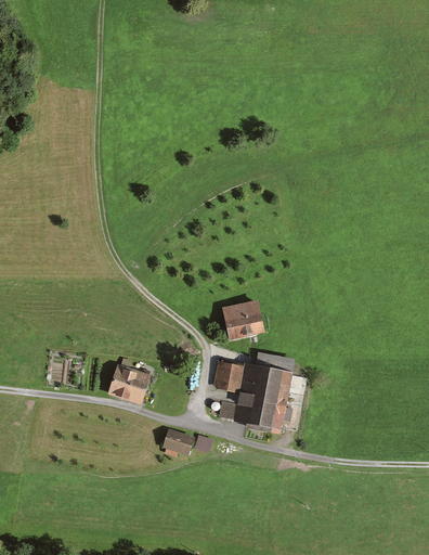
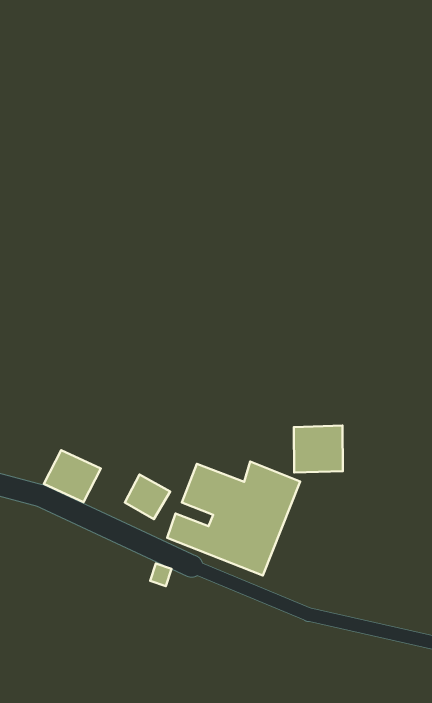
building: [224,302,264,341] -> [294,426,343,473]
building: [161,427,193,457] -> [125,474,170,519]

